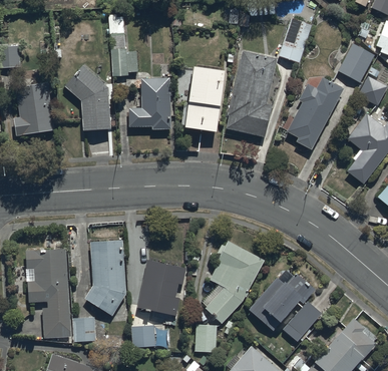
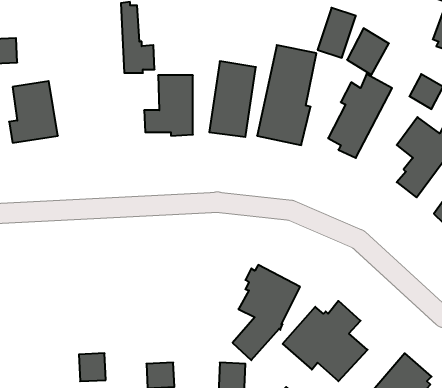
building: [338,43,374,83] -> [347,28,389,75]
building: [63,65,109,129] -> none
building: [84,240,124,315] -> none
building: [25,248,70,338] -> none
building: [136,260,185,316] -> none

